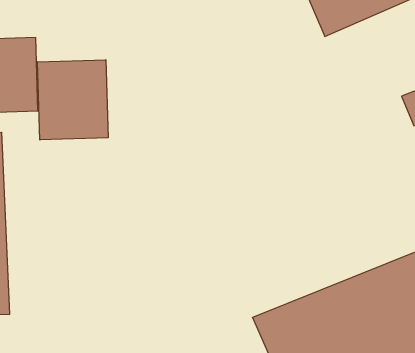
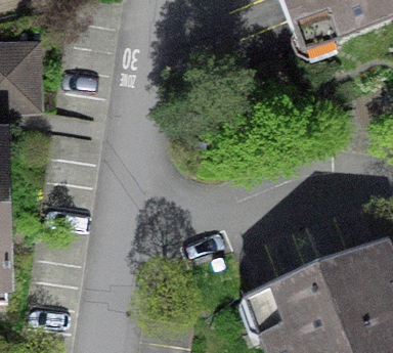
building: [38,60,108,140] -> none

